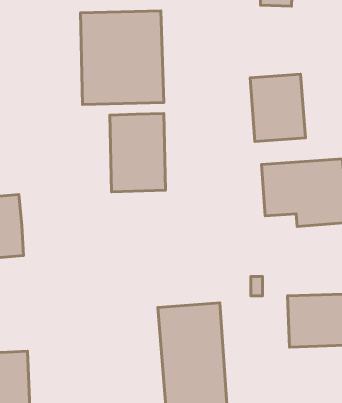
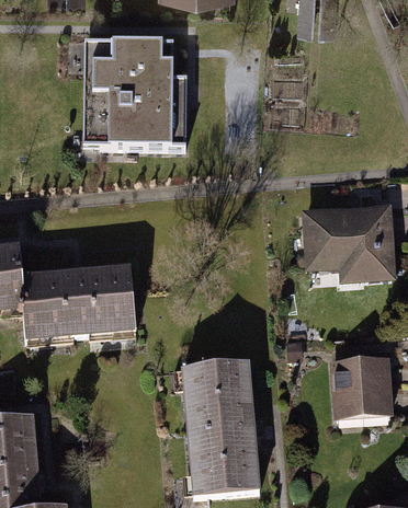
building: [250,74,305,142] -> none
building: [110,114,166,192] -> none
building: none -> [26,269,134,342]

